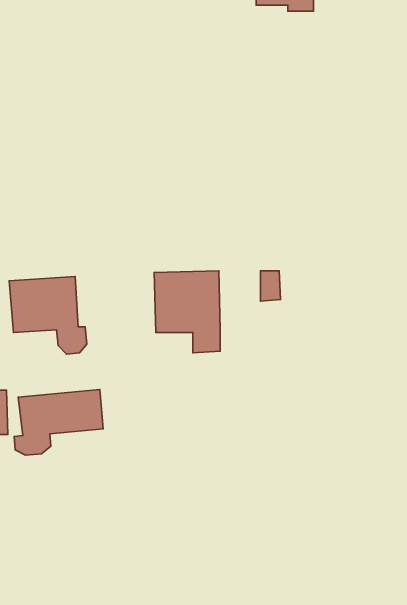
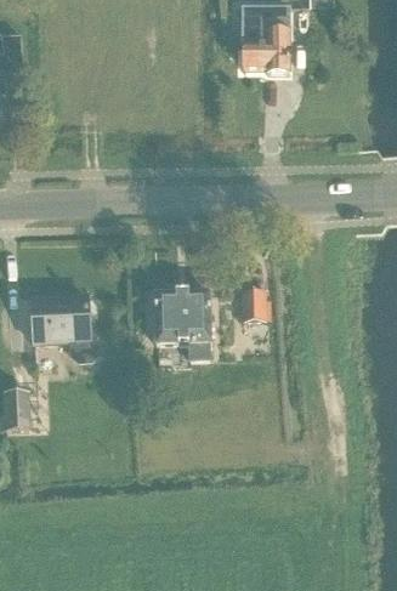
building: [14,390,103,455] -> none

